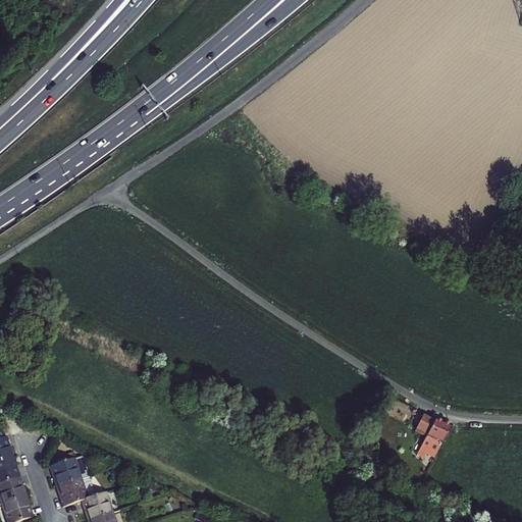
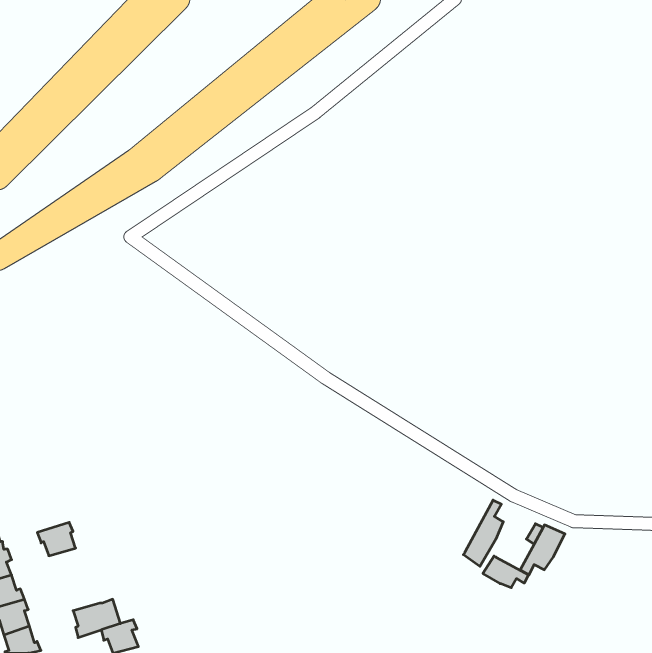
building: none -> [463,500,503,566]
building: none -> [483,556,529,588]
building: [49,460,80,486] -> [37,522,76,556]

